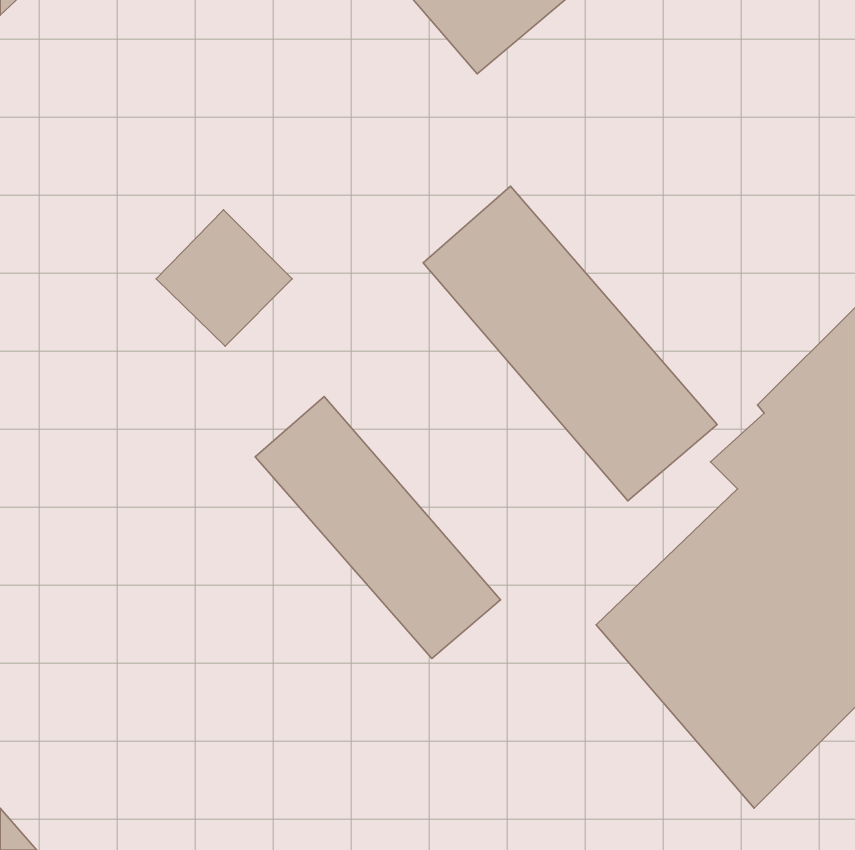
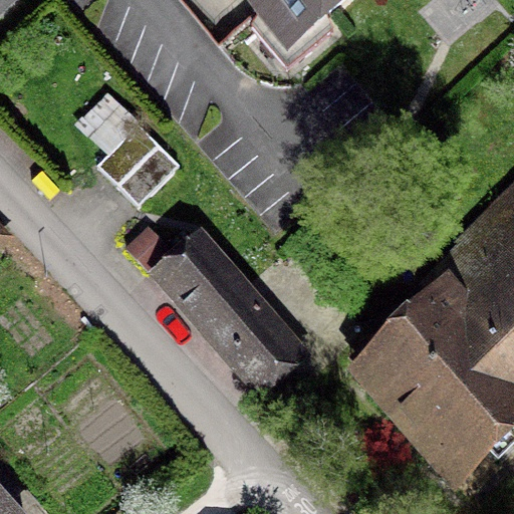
building: [423,186,717,501] -> none

